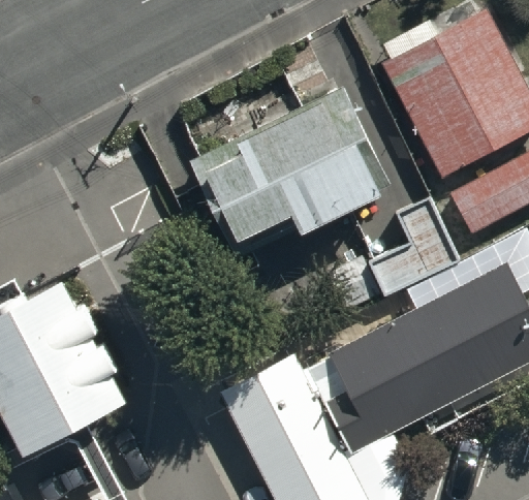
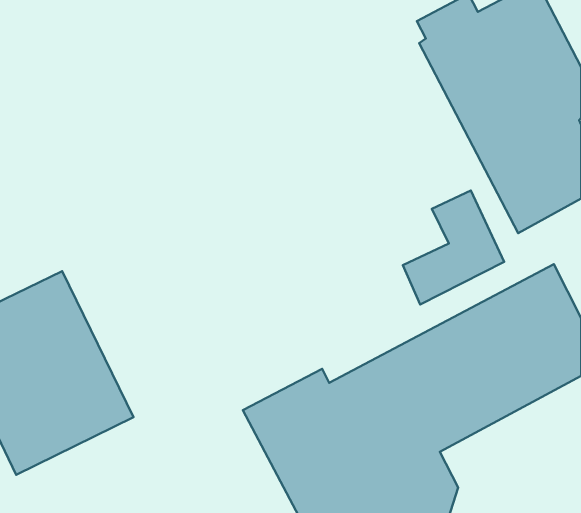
building: [189,61,390,242] -> none

